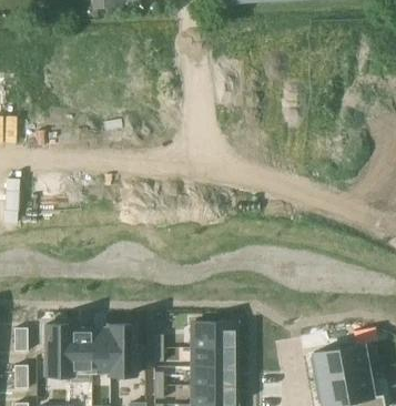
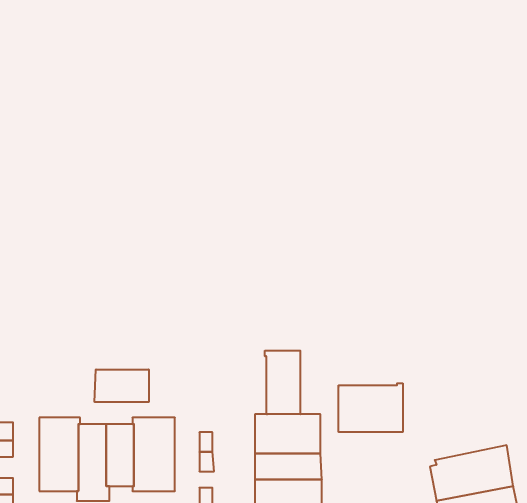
building: none -> [265,351,300,414]
building: none -> [95,369,149,402]
building: none -> [339,383,403,432]

